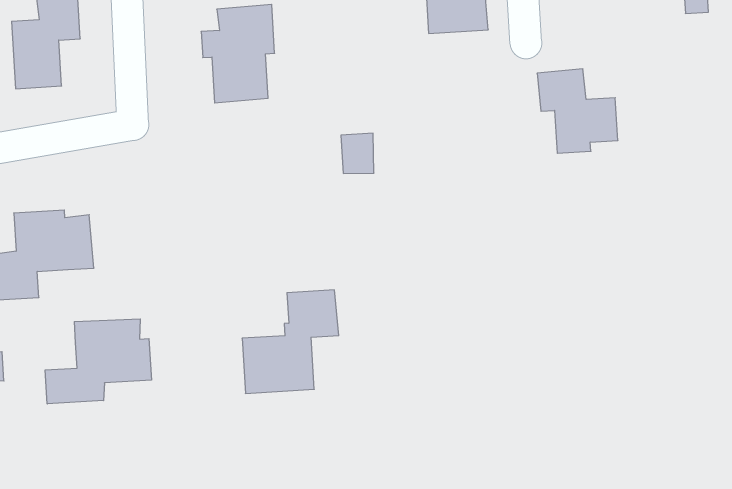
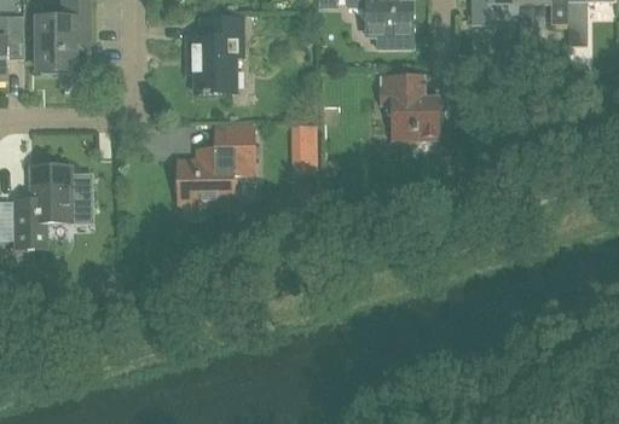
building: [537,69,618,153] -> [378,72,439,138]
building: [242,290,339,393] -> [178,126,254,203]
building: [45,319,151,404] -> none

